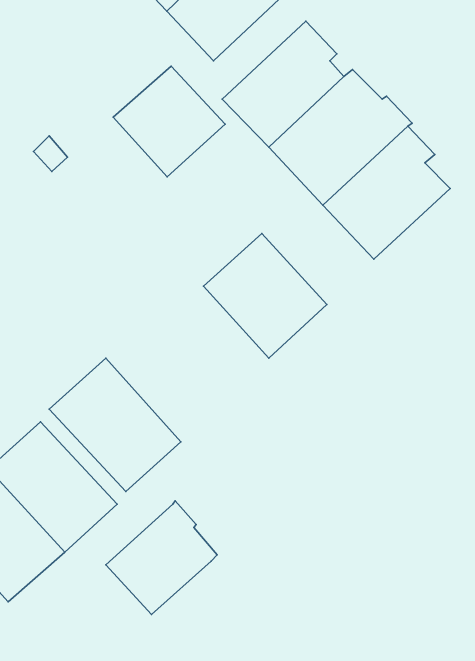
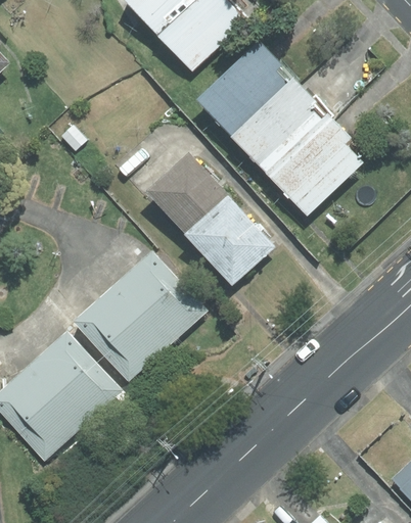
building: [113,66,225,177] -> [145,153,226,233]
building: none -> [113,250,206,345]
building: [106,501,217,614] -> none

